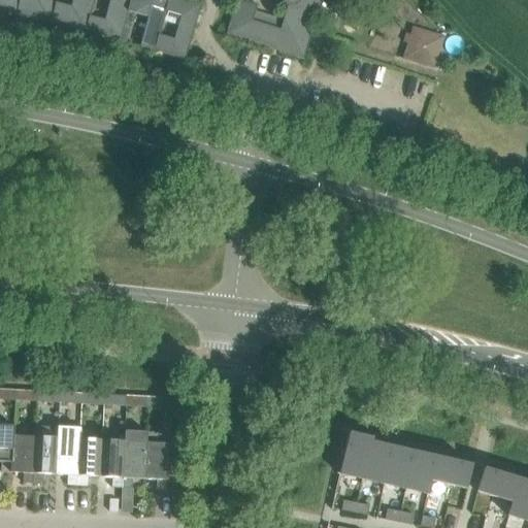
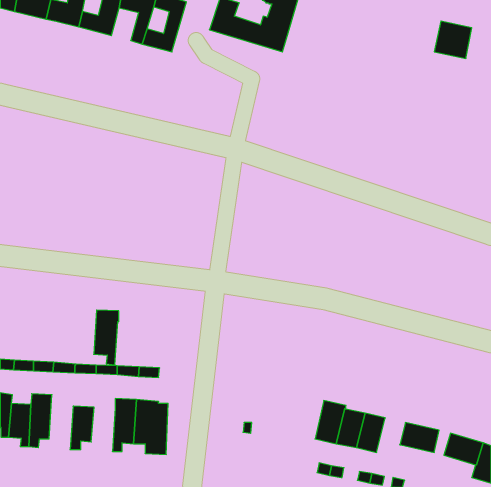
building: [401,24,441,64] -> [434,21,472,58]
building: [53,424,79,483] -> [94,310,119,365]
building: [98,437,124,485] -> none
building: [404,449,435,491] -> none

